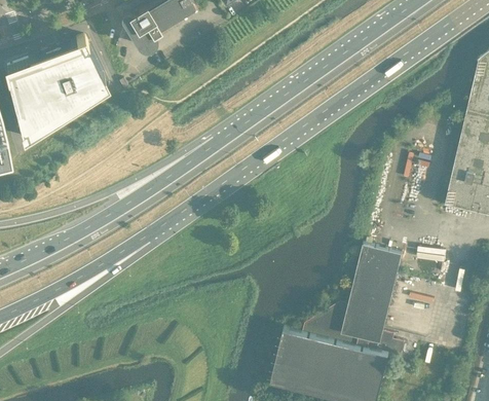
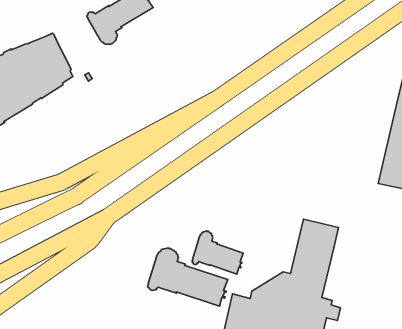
building: none -> [192,231,243,274]
building: none -> [148,248,228,306]

